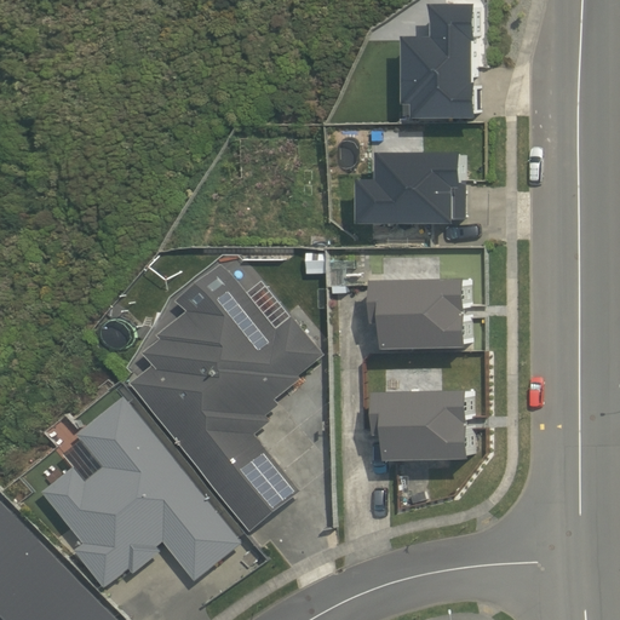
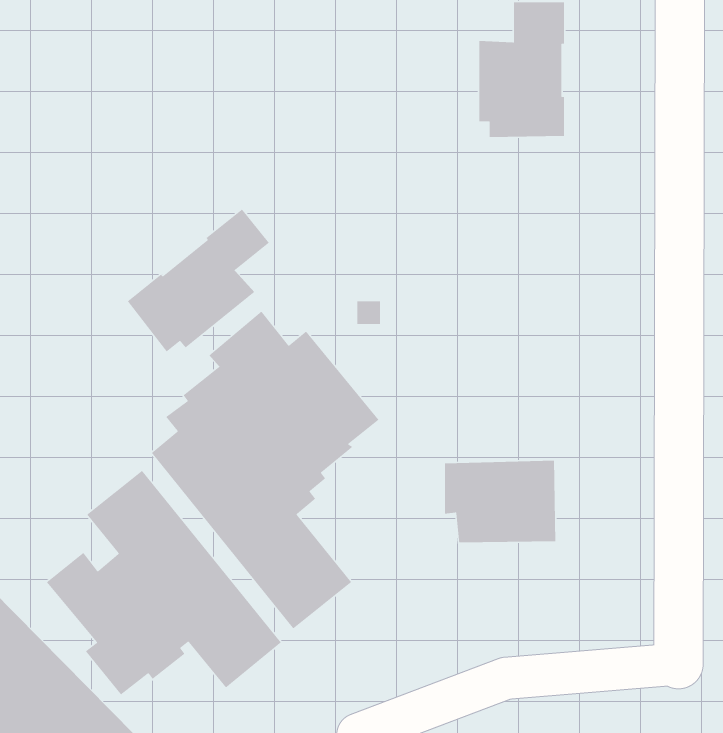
building: [357,151,463,223] -> none
building: none -> [127,208,270,353]
building: [372,277,467,348] -> none

